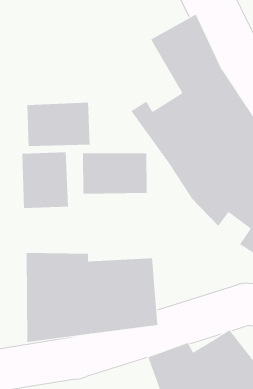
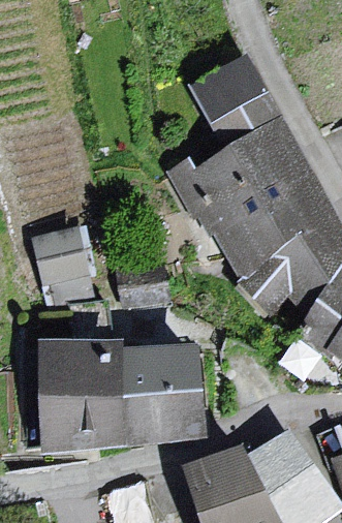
building: [27,102,90,147] -> none
building: [82,152,147,195] -> none

